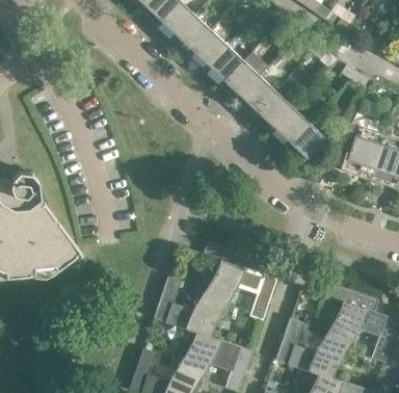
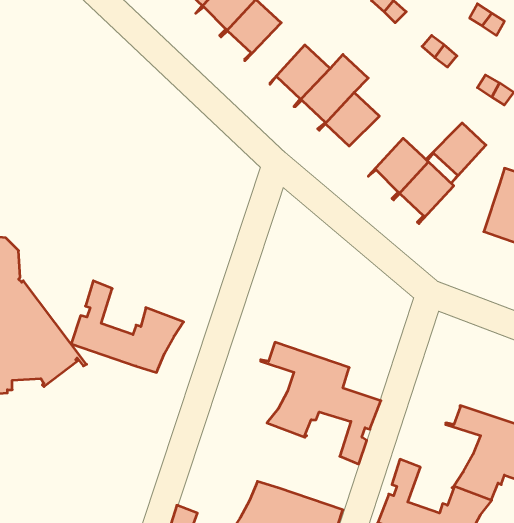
building: [187,30,227,70] -> none
building: [251,91,291,131] -> [426,123,486,183]
building: [153,276,227,336] -> [71,281,184,372]

